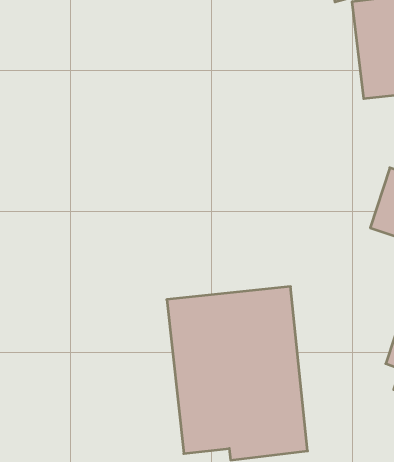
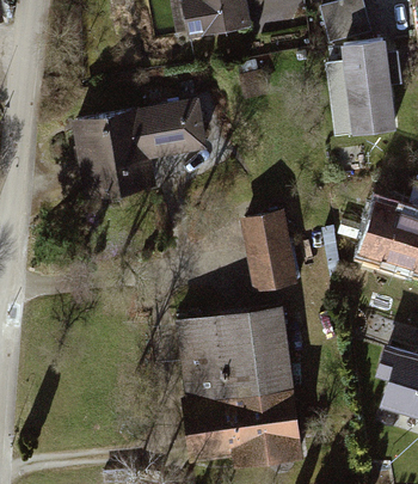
building: none -> [69,98,207,201]
building: none -> [230,214,281,284]

